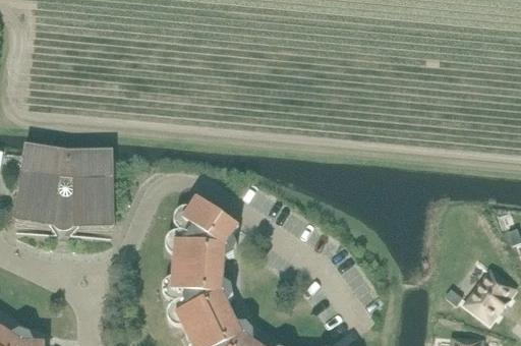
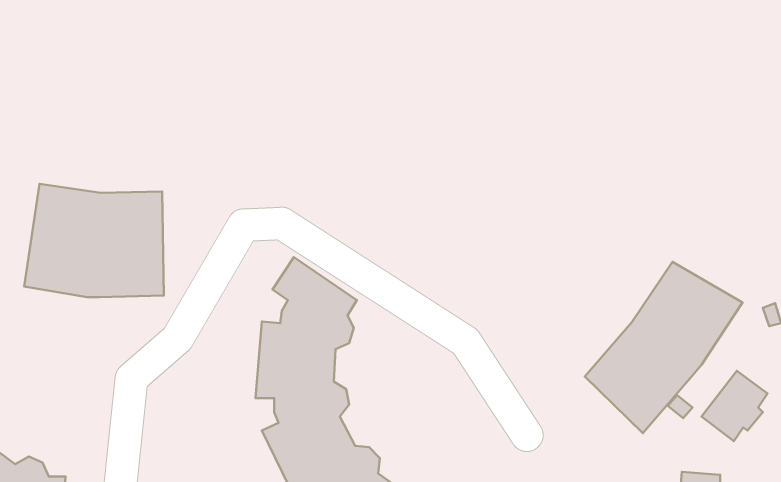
building: none -> [585,262,743,433]

